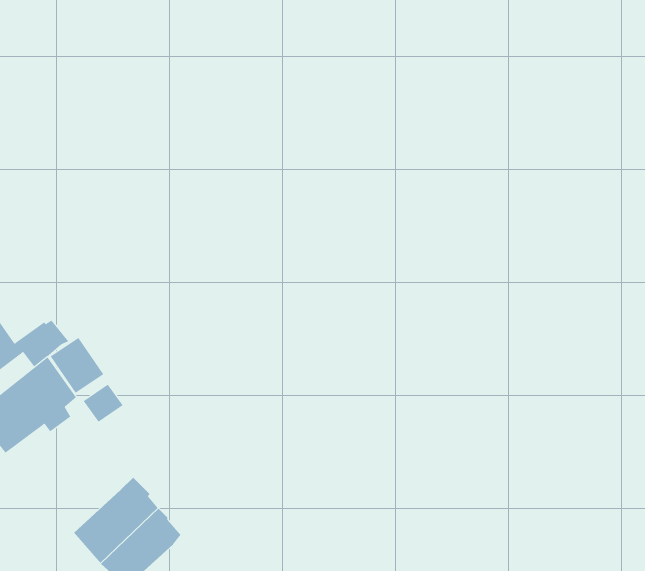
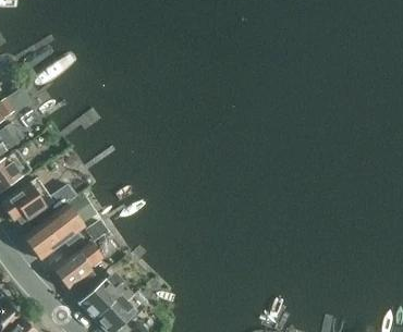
building: none -> [54,244,101,291]

